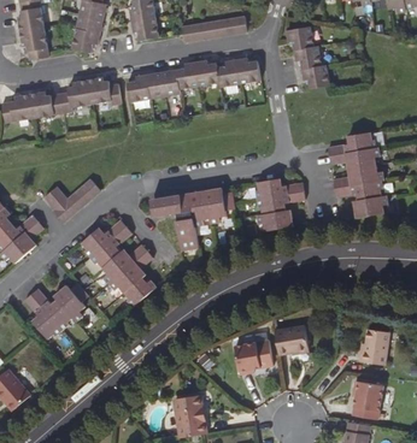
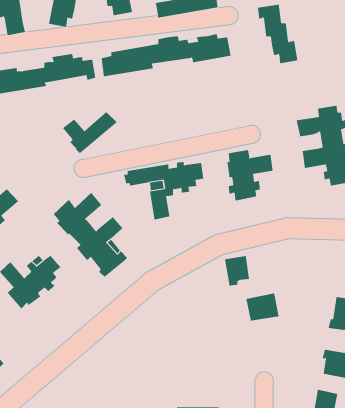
building: [42,179,99,223] -> [62,112,118,154]
building: [236,344,263,376] -> [224,256,250,286]
building: [174,392,208,436] -> none

